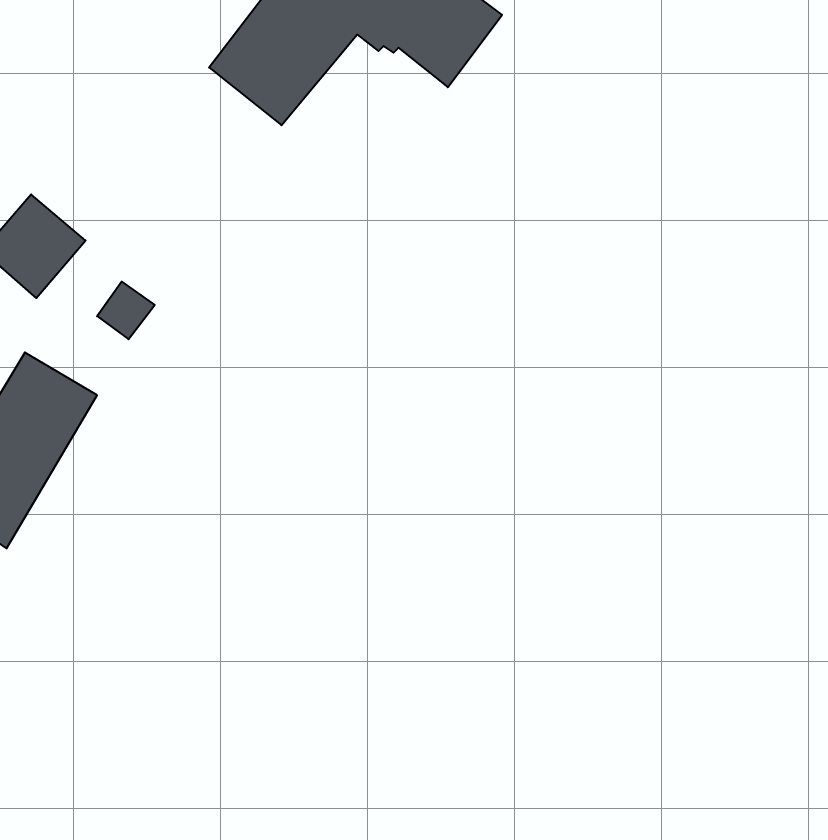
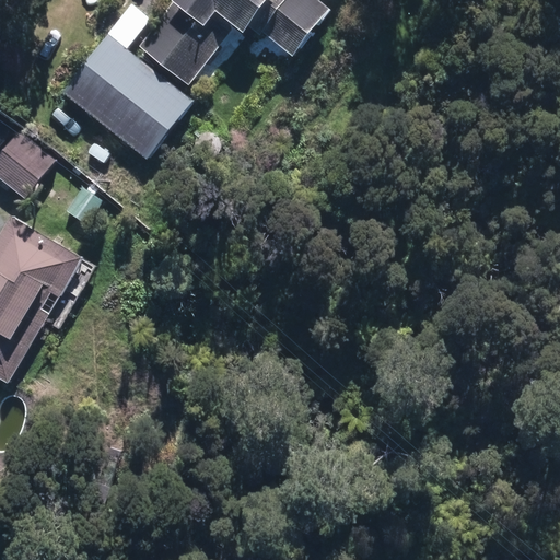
building: none -> [62,34,194,160]

